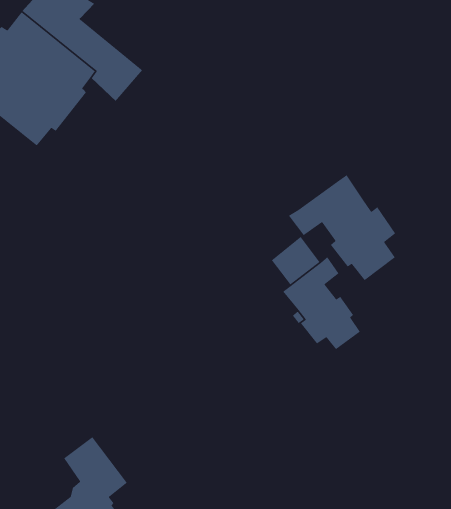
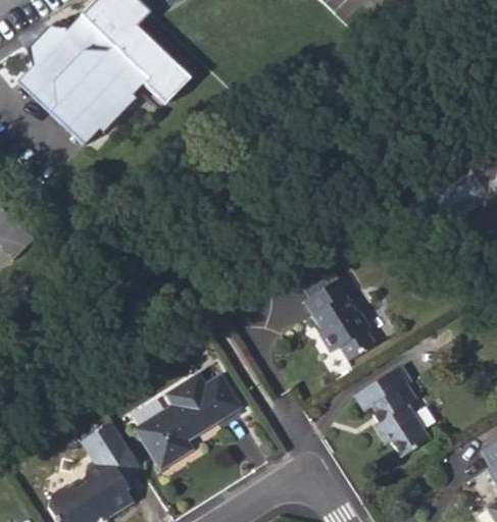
building: [288,174,396,281] -> none
building: none -> [354,364,430,456]
building: none -> [135,372,241,469]

